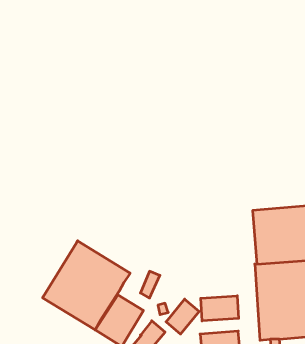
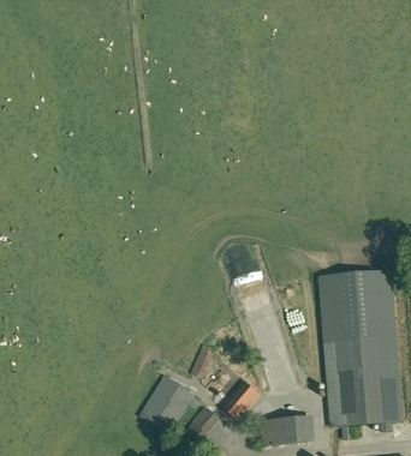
building: [43,241,130,330] -> none
building: [201,296,239,321] -> none

